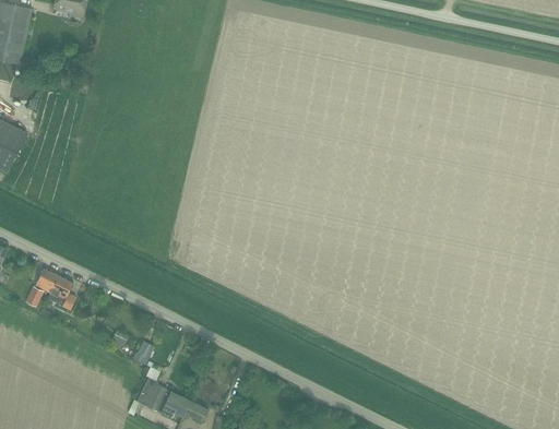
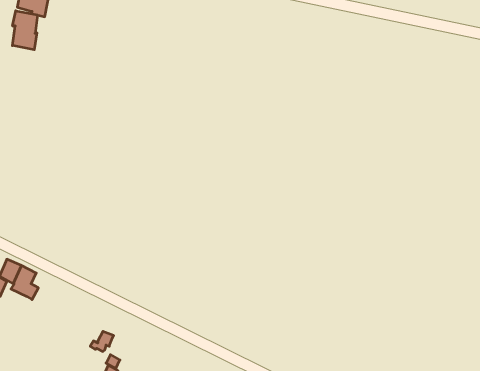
building: none -> [12,11,37,50]

